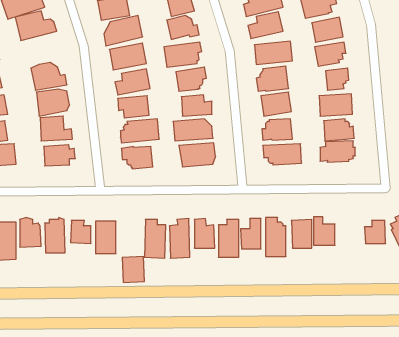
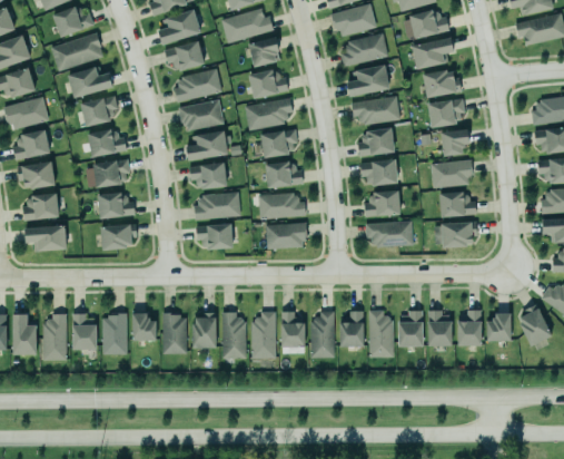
building: none -> [77,89,118,124]
building: none -> [455,311,481,348]
building: [122,257,144,282] -> [190,313,217,344]

